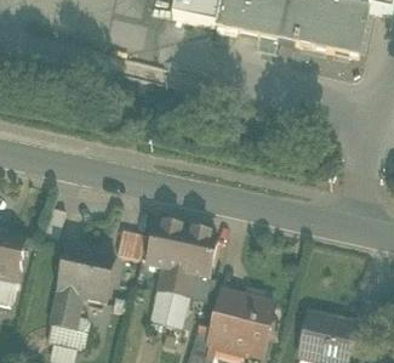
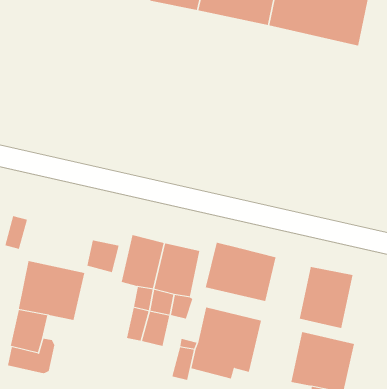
building: none -> [205,242,276,302]
building: none -> [299,266,353,329]

